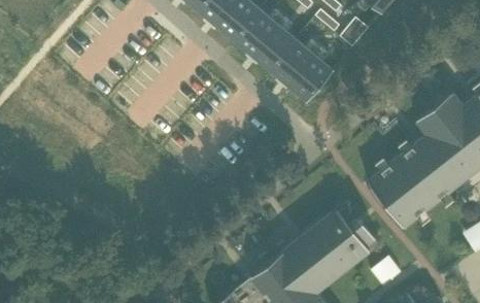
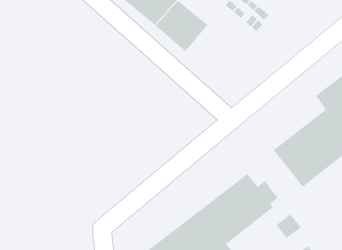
building: [266,36,330,99] -> none

